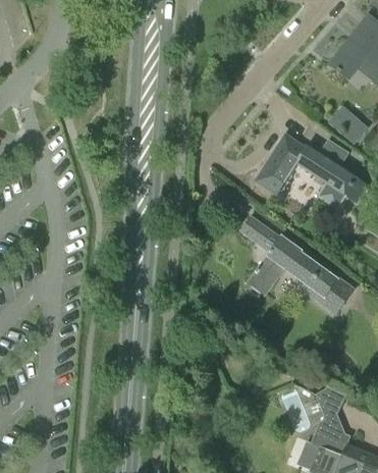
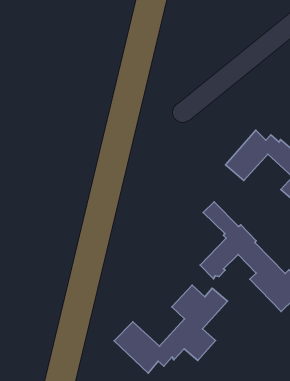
building: none -> [114,285,227,373]

